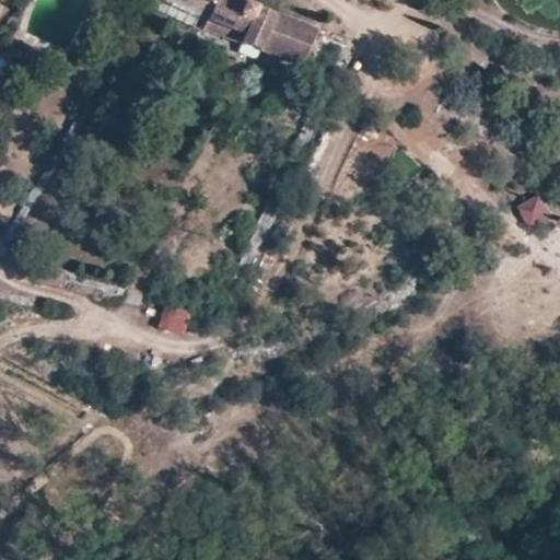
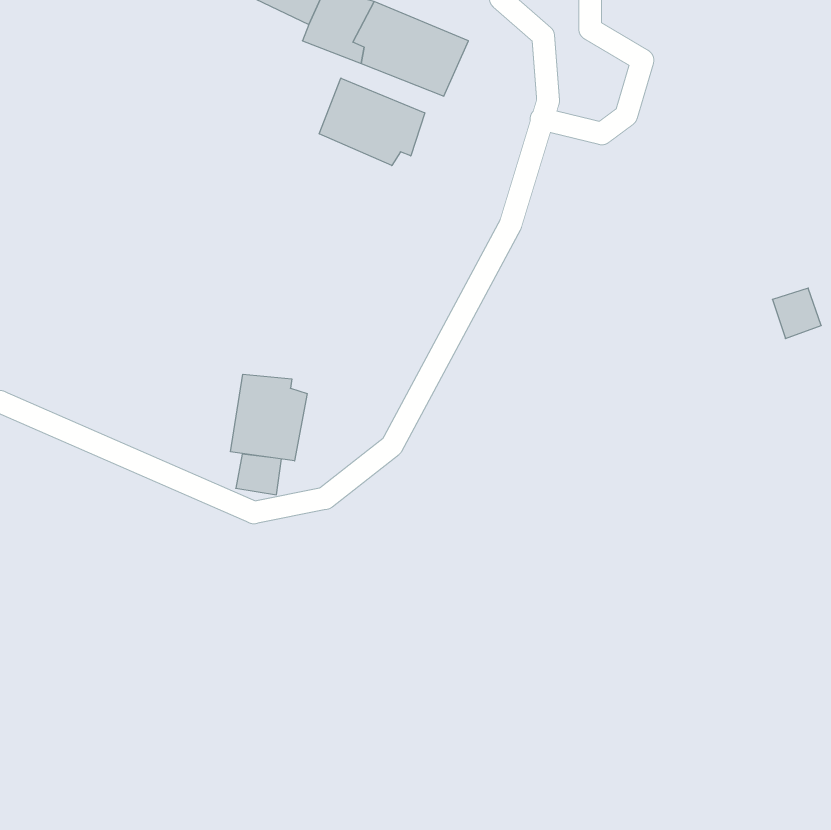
building: none -> [319,78,425,166]
building: none -> [231,374,307,461]

